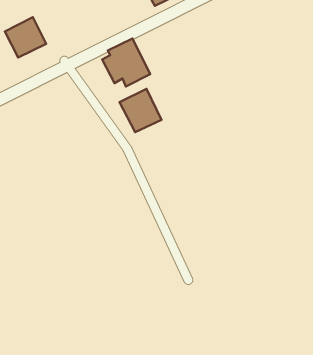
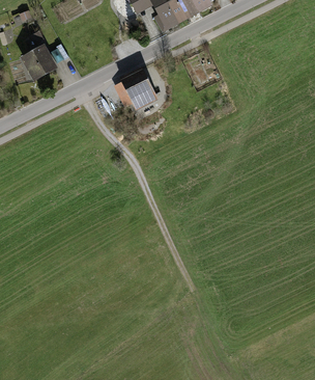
building: [119,89,161,132] -> none

